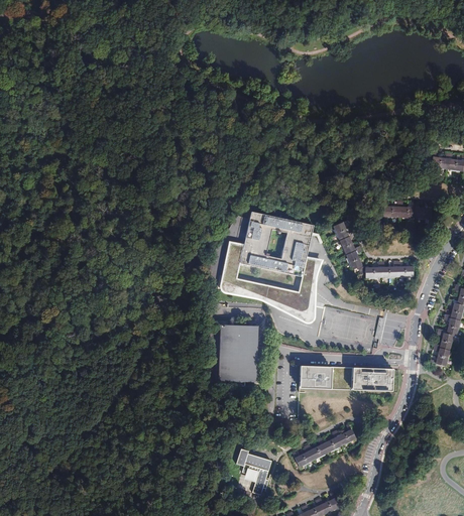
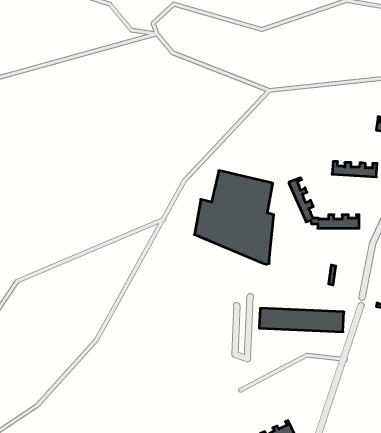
building: [217,325,259,383] -> none
building: [293,423,356,465] -> none
building: [234,450,271,498] -> none

